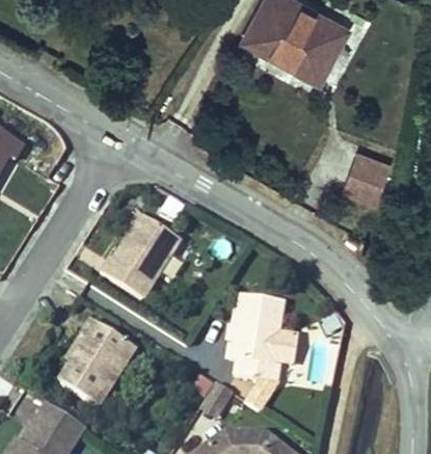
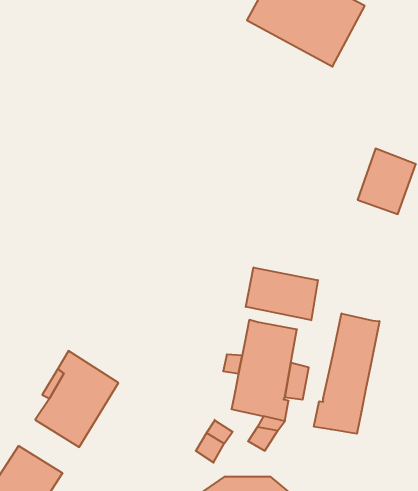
building: [101,214,180,300] -> none
building: none -> [246,267,318,320]
building: none -> [314,313,379,434]

